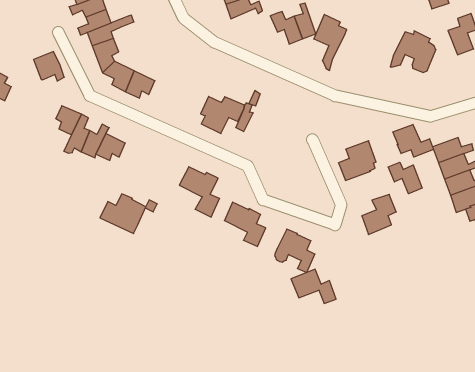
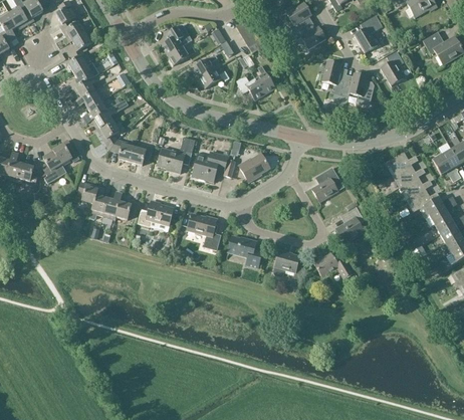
building: [314,14,347,70] -> [321,60,346,104]
building: none -> [40,151,65,183]
building: none -> [157,137,194,173]
building: none -> [238,153,269,182]
building: [393,124,434,157] -> none
building: [388,162,422,194] -> none
building: [100,194,146,234] -> [137,201,172,231]
building: [291,269,336,303] -> [312,252,352,278]

